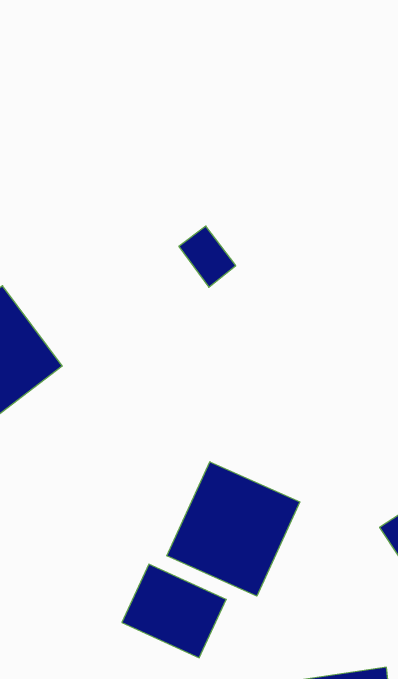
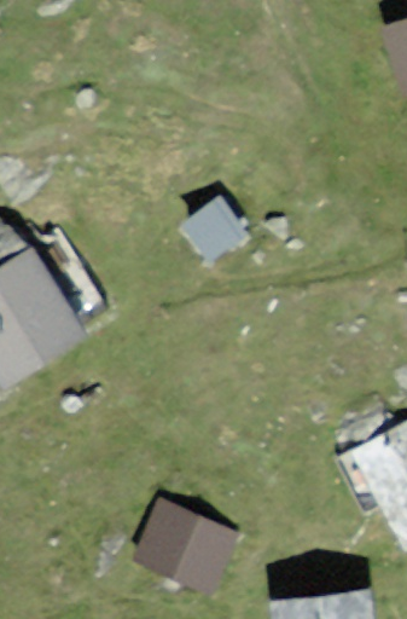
building: [167,462,300,596] -> none

